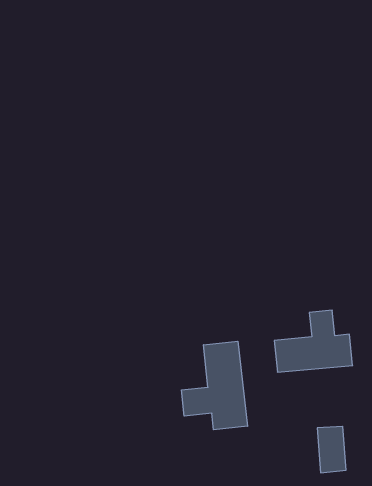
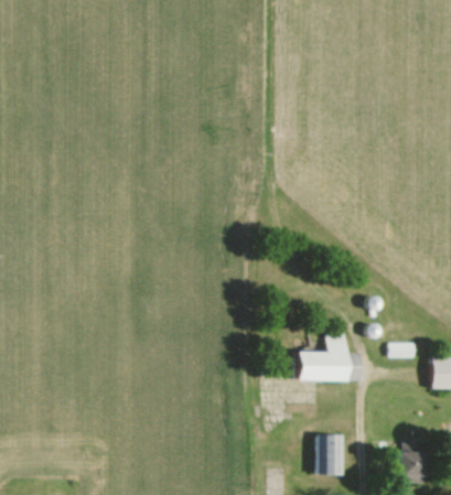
building: [182,341,248,430] -> none

